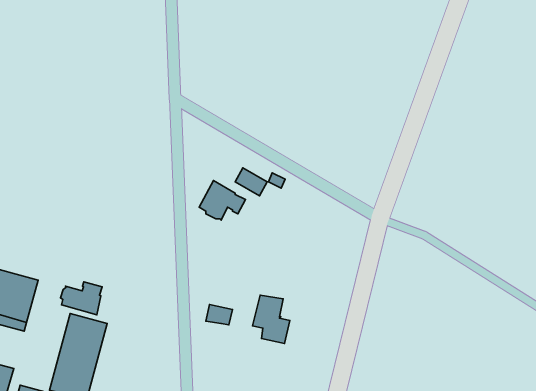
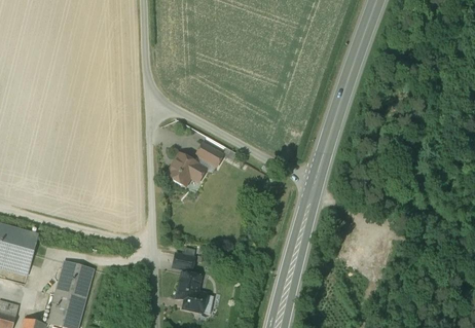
building: [60,282,102,315] -> none
building: [253,295,290,344] -> [176,272,206,312]

